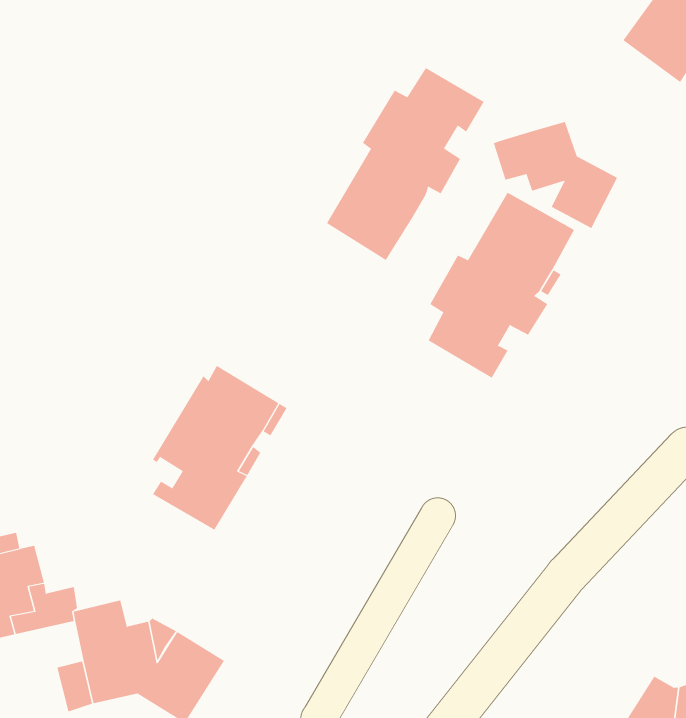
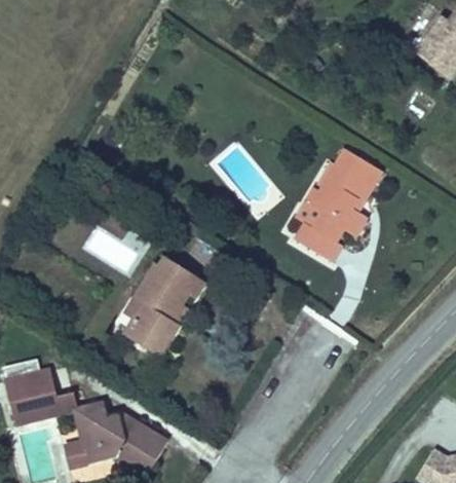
building: [326,67,484,261] -> none
building: [493,121,618,229] -> none

